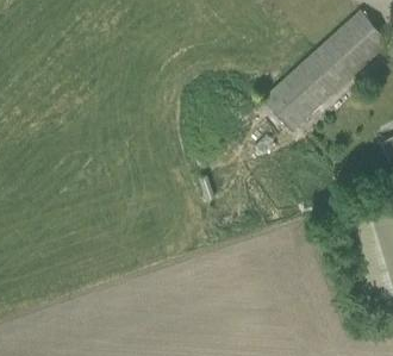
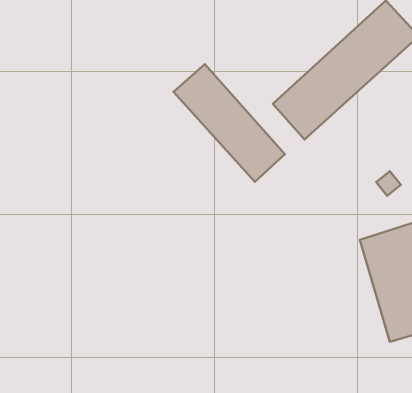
building: none -> [174,64,285,182]

